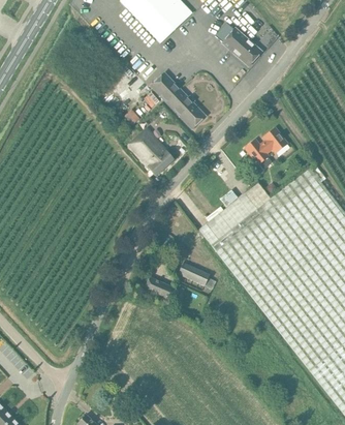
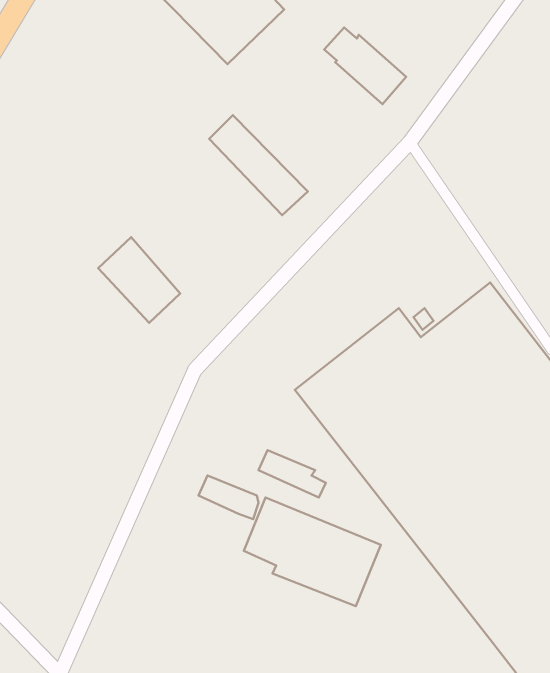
building: [128,127,175,176] -> [98,237,180,323]
building: [246,128,288,170] -> none
building: none -> [244,497,381,606]

